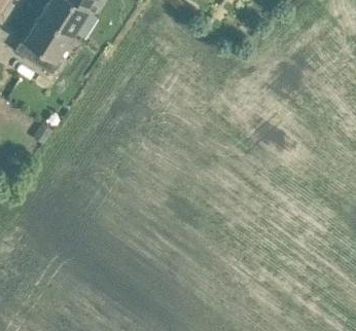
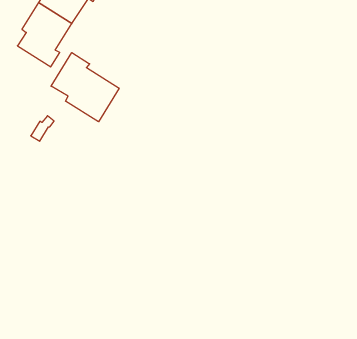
building: none -> [51,53,119,122]

